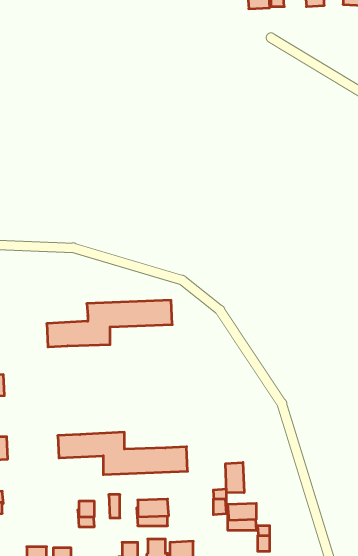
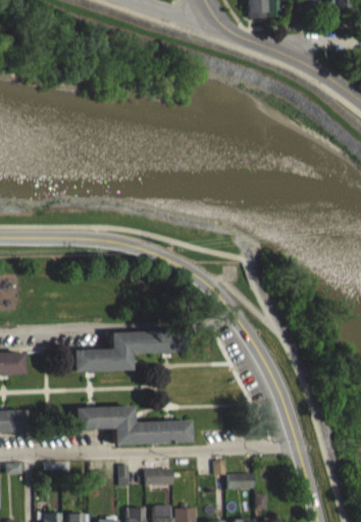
building: [47,300,172,347] -> [72,329,188,372]
building: [226,462,244,493] -> none

